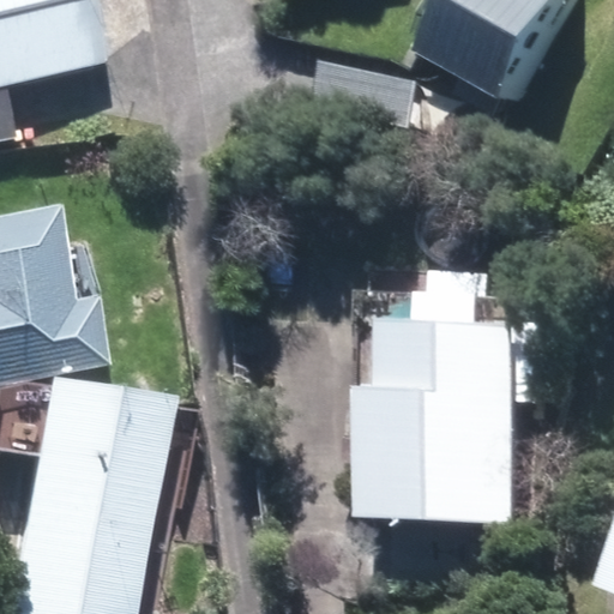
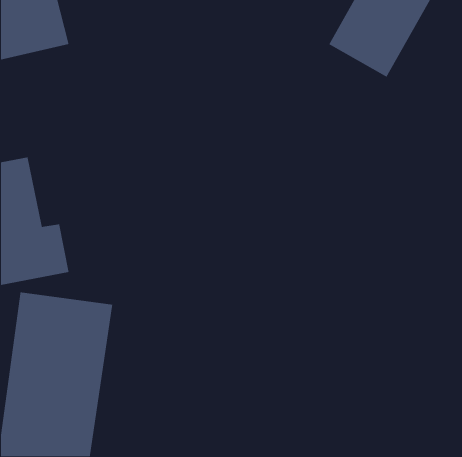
building: [378,303,525,523] -> none

